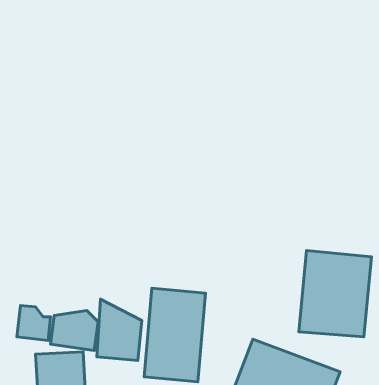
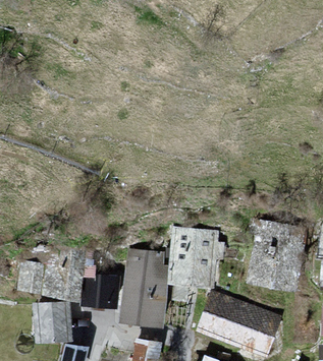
building: none -> [171,229,215,286]

